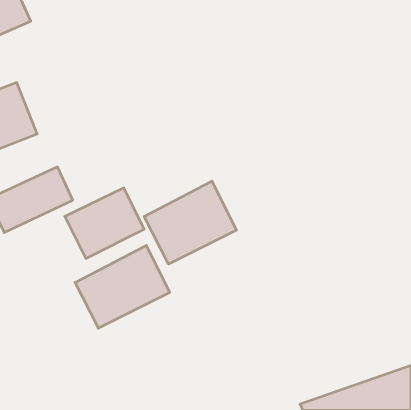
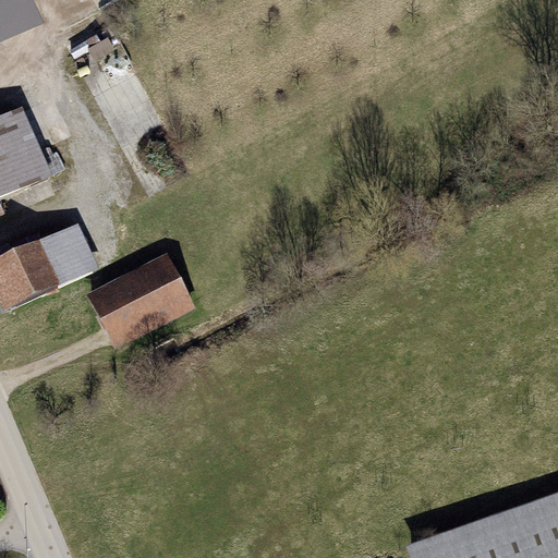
building: [144,181,236,264] -> none
building: [75,245,170,328] -> none

